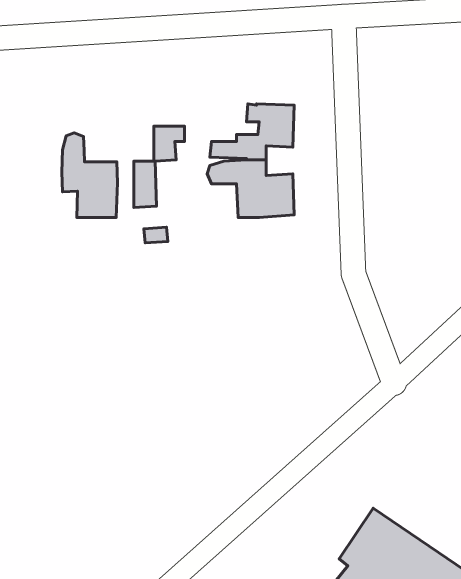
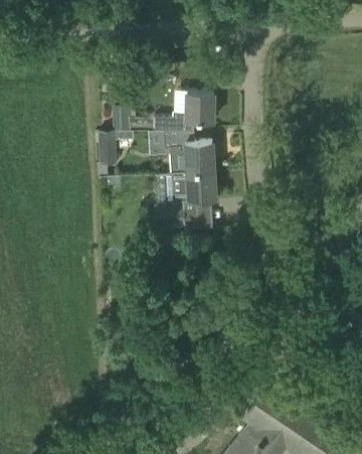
building: [62,133,118,218] -> none
building: none -> [156,174,217,232]

